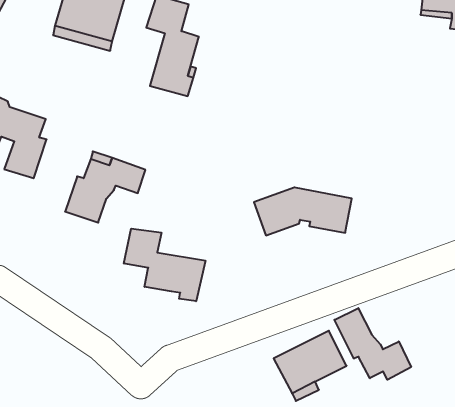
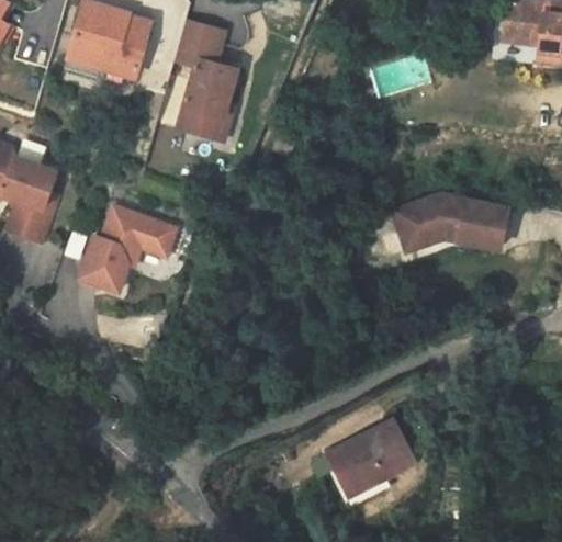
building: [254,187,352,235] -> [391,193,507,250]
building: [124,229,205,301] -> none
building: [334,308,411,380] -> none

